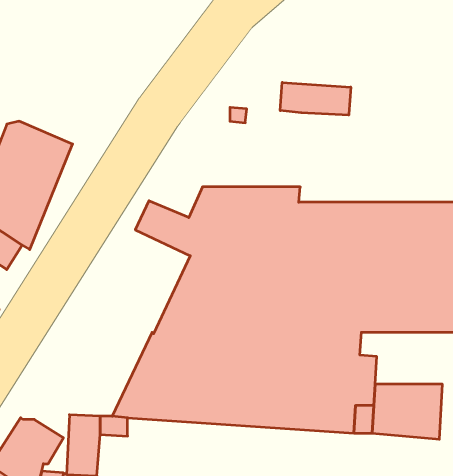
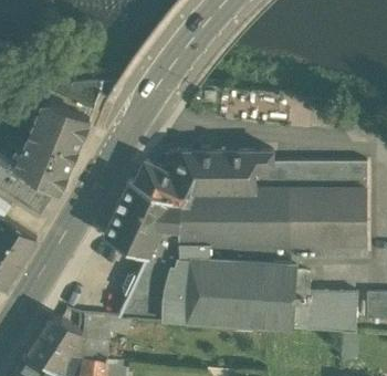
building: [280,82,351,115] -> none
building: none -> [103,179,174,257]

